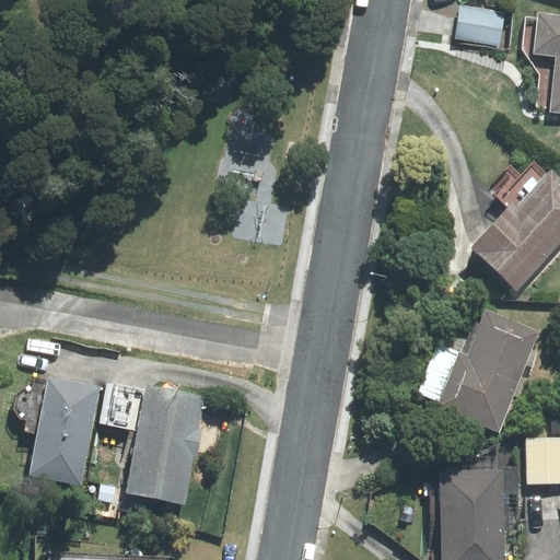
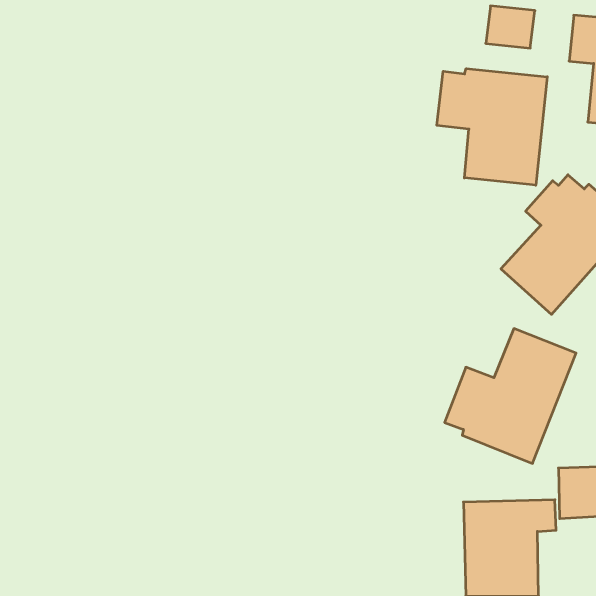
building: none -> [437,69,547,185]
building: [28,381,98,488] -> none
building: [103,385,207,508] -> none

